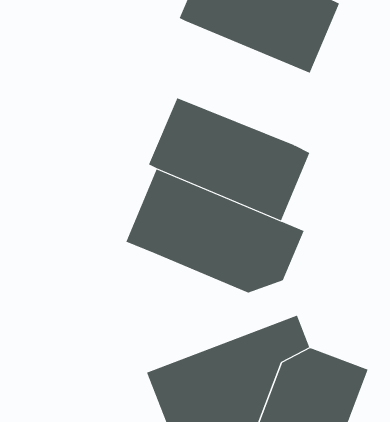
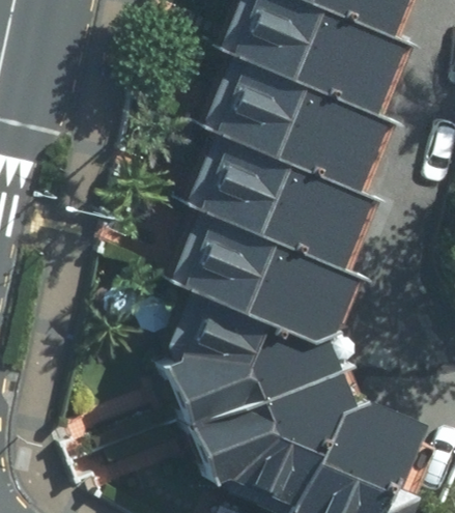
building: none -> [182,53,356,182]
building: none -> [148,296,330,421]

